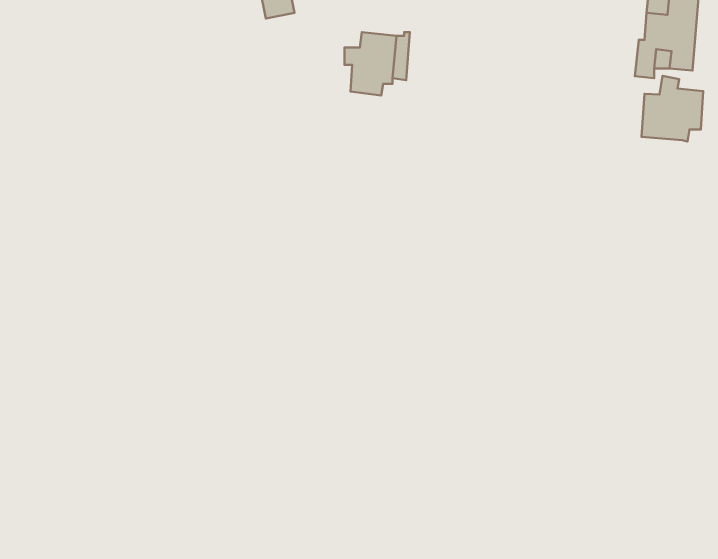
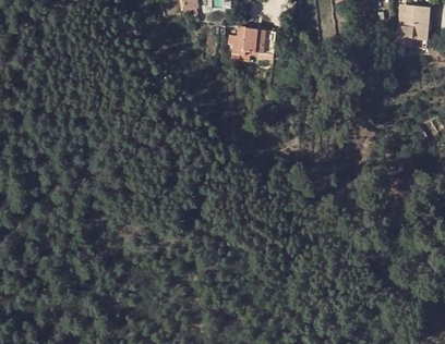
building: [641,76,703,141] -> none

